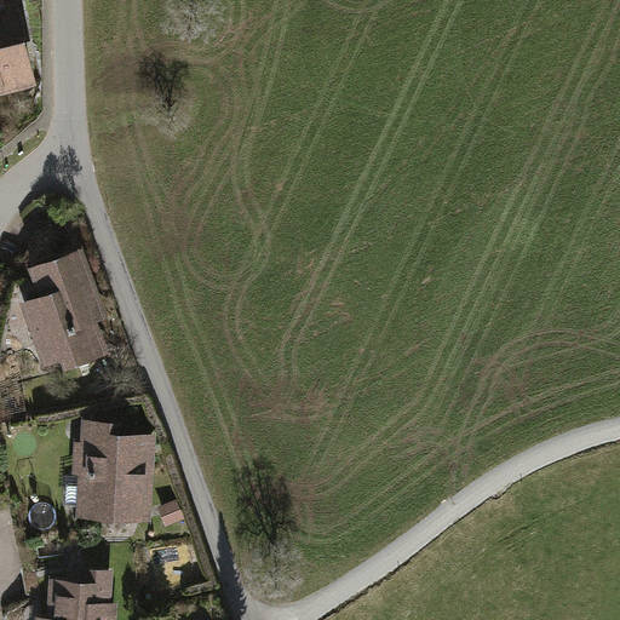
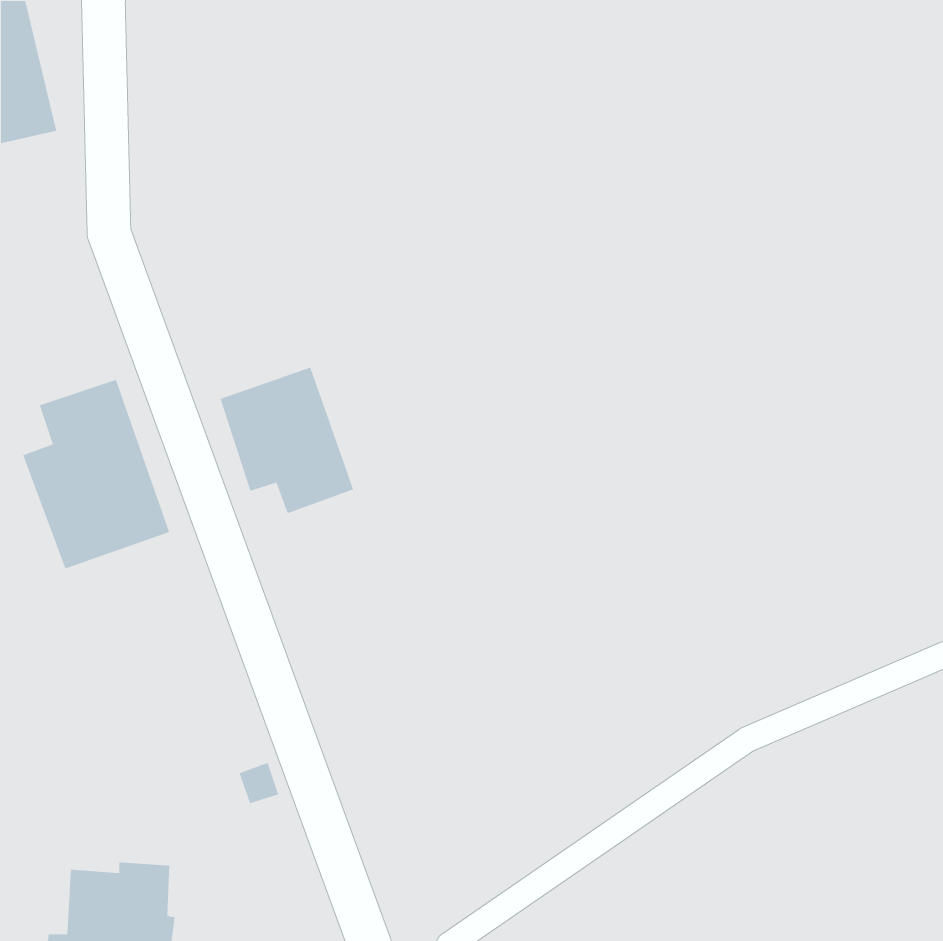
building: none -> [219,367,354,514]
building: [70,418,154,524] -> none

